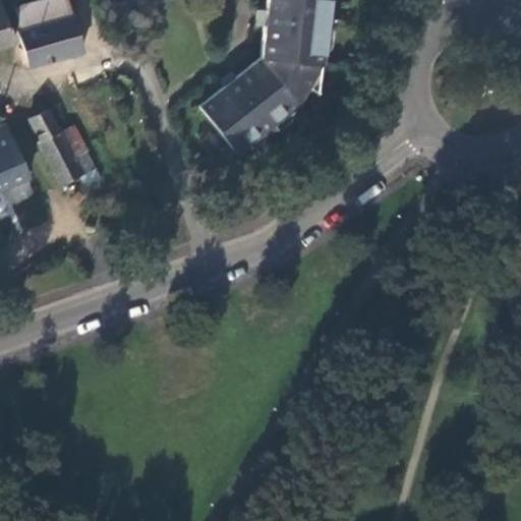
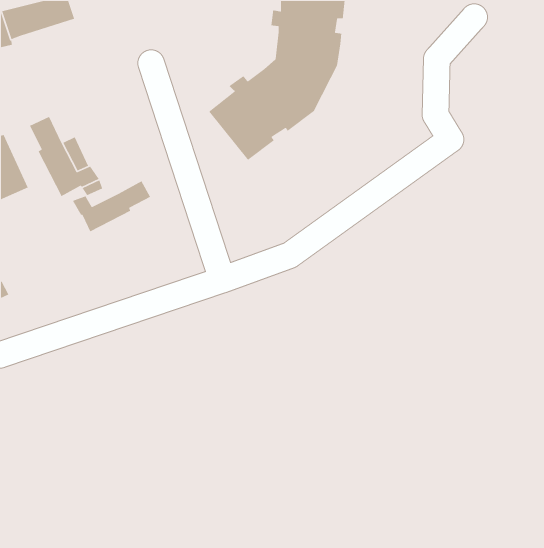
building: [23,18,85,66] -> none
building: none -> [72,180,151,233]

